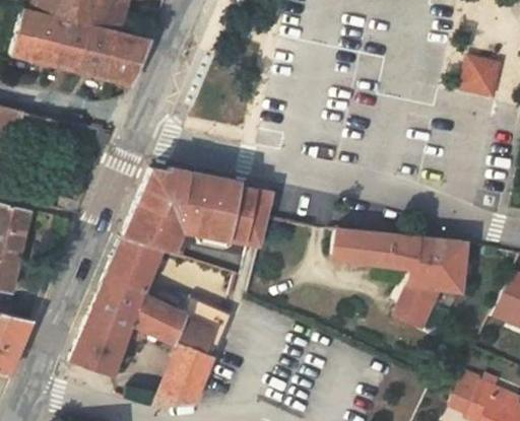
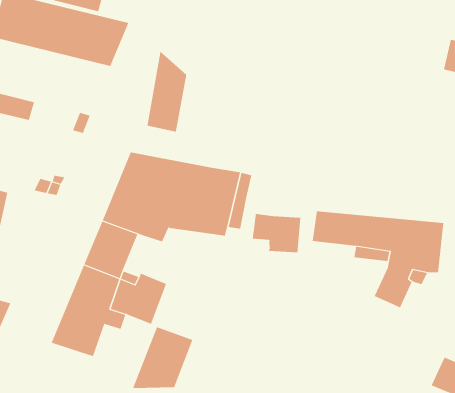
building: none -> [147,51,187,132]
building: none -> [252,213,301,253]
building: [172,298,231,357] -> none

